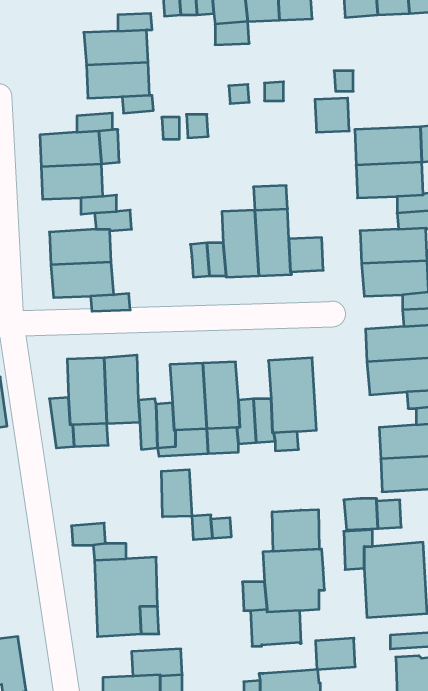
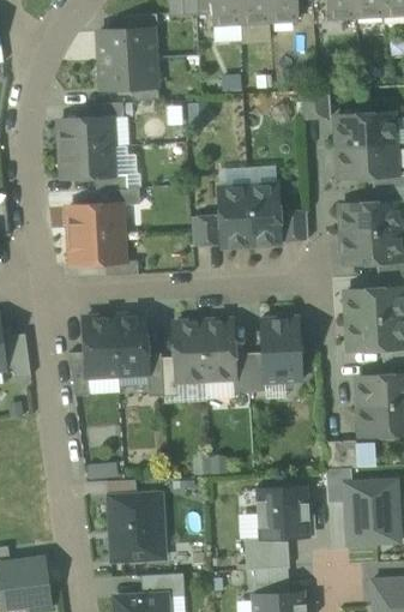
building: [161,470,192,517] -> none
building: [272,510,319,551] -> none
building: [316,638,355,669] -> [254,566,289,594]

